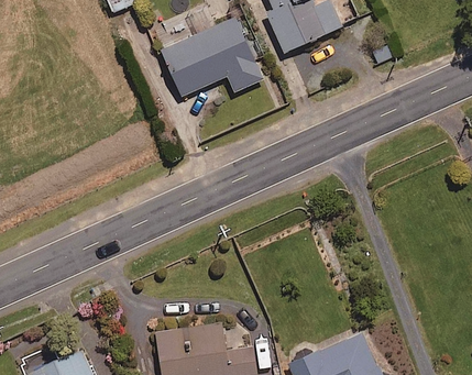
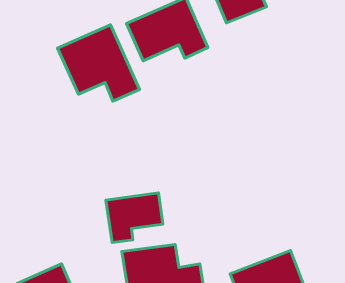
building: none -> [57,25,139,101]
building: none -> [106,193,163,242]

